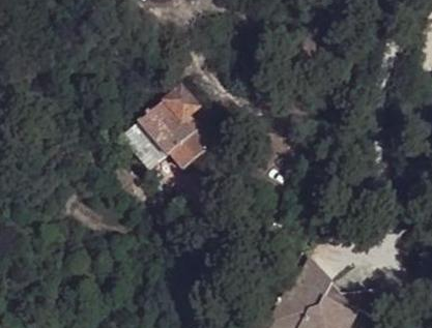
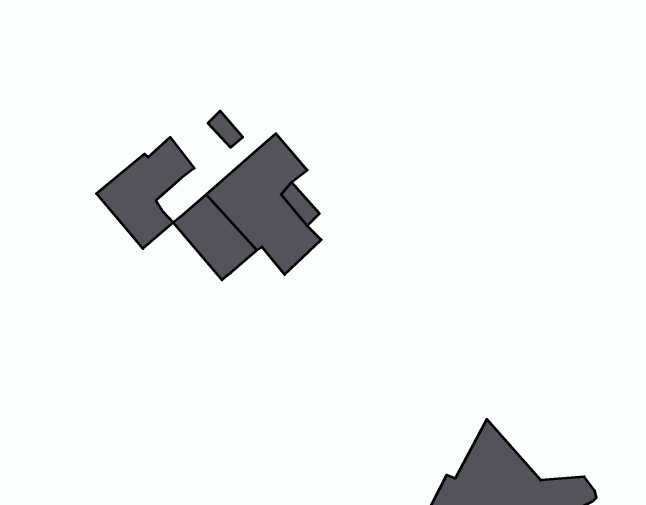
building: none -> [96,137,194,249]

